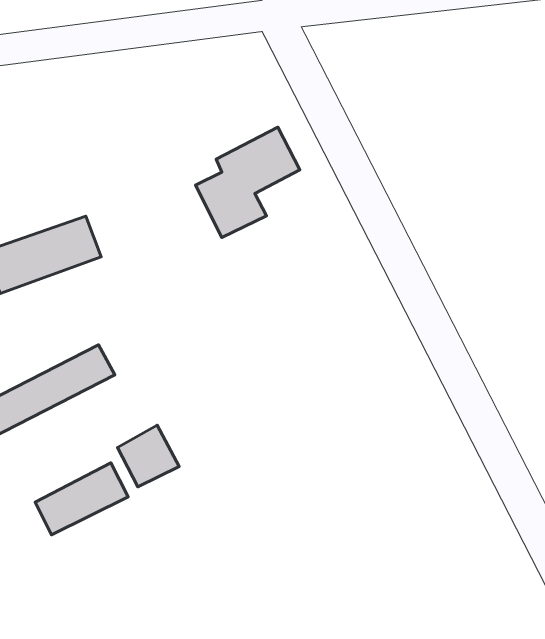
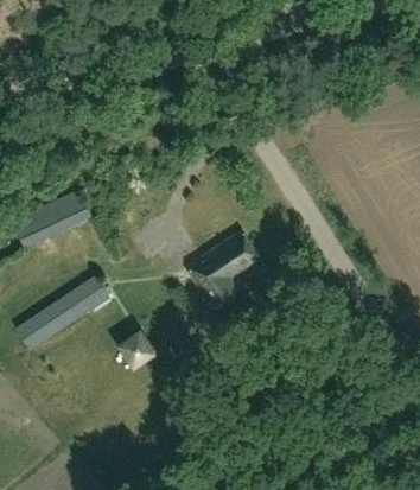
building: [196,127,300,237] -> [190,230,259,308]
building: [35,463,128,535] -> none

